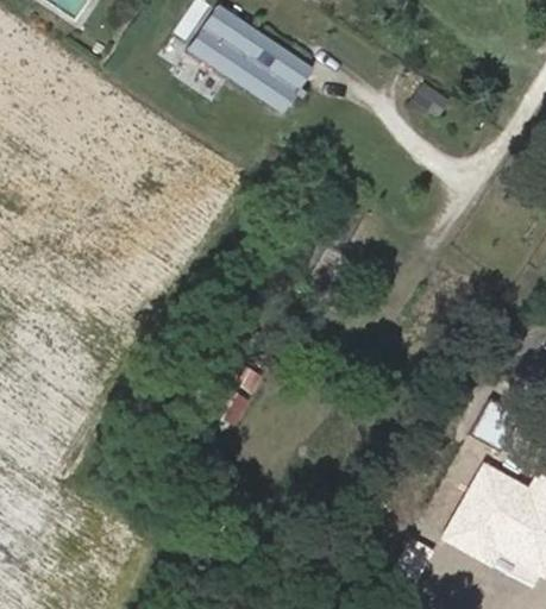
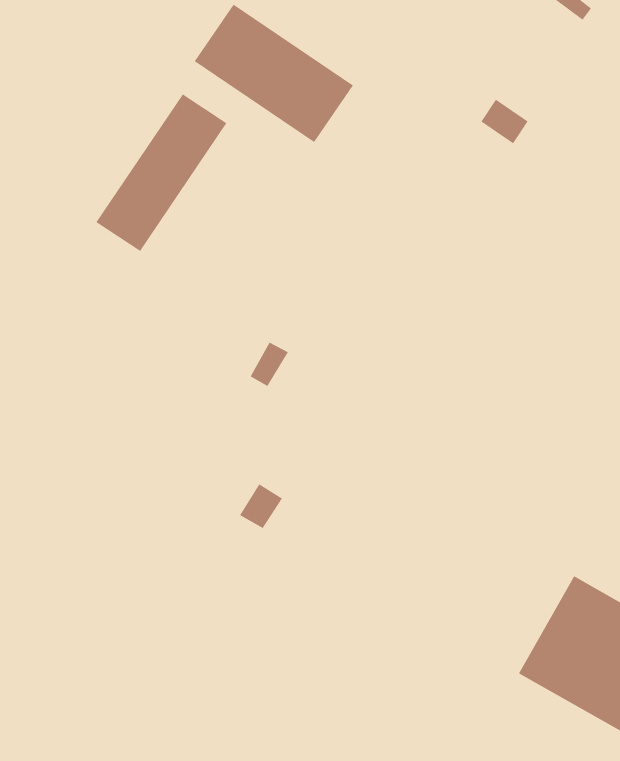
building: none -> [96,93,227,252]

